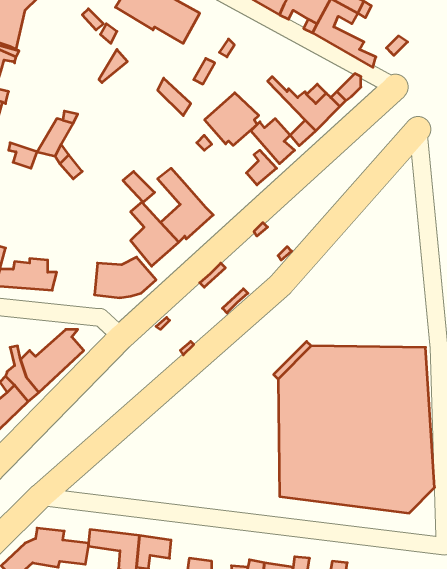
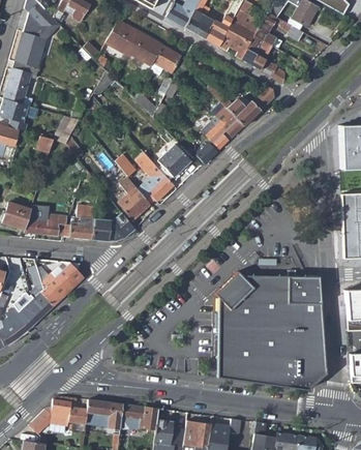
building: none -> [152,46,182,72]
building: [205,93,259,145] -> [154,144,191,180]
building: none -> [63,215,94,239]

